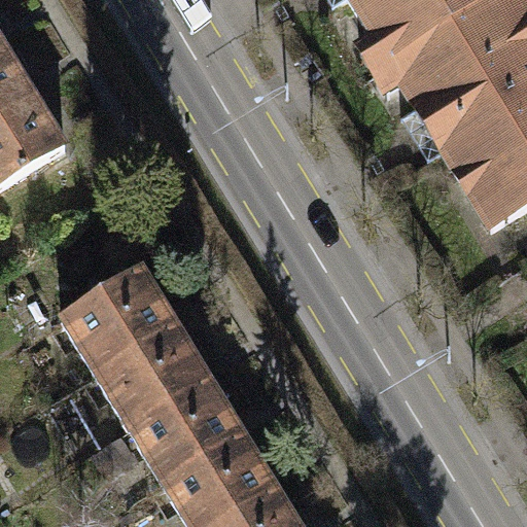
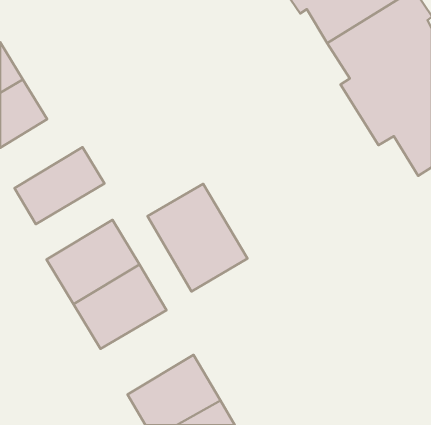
building: none -> [15,147,104,224]
building: none -> [148,184,248,292]
building: [124,378,237,481] -> none

